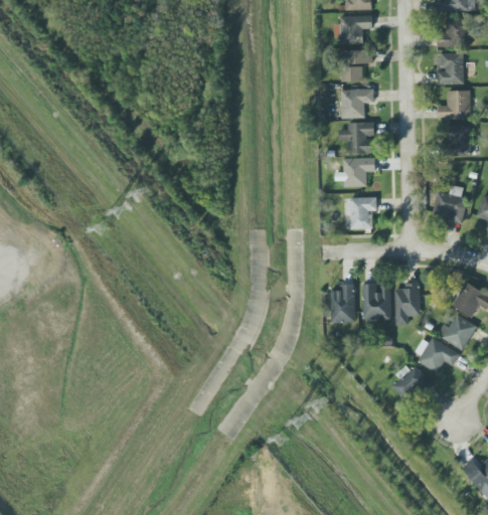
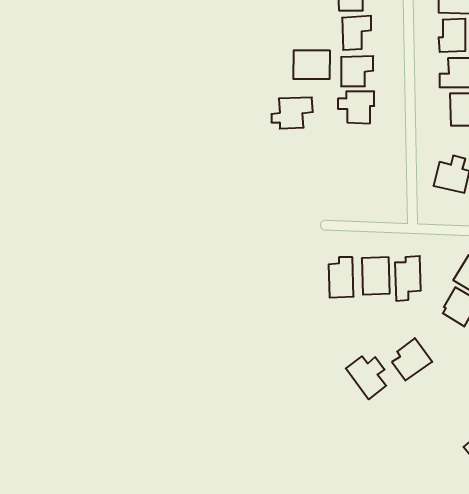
building: none -> [293,50,330,79]
building: [335,157,375,187] -> [271,97,313,129]
building: [349,197,373,229] -> none
building: [413,338,459,371] -> none
building: none -> [346,356,386,399]

